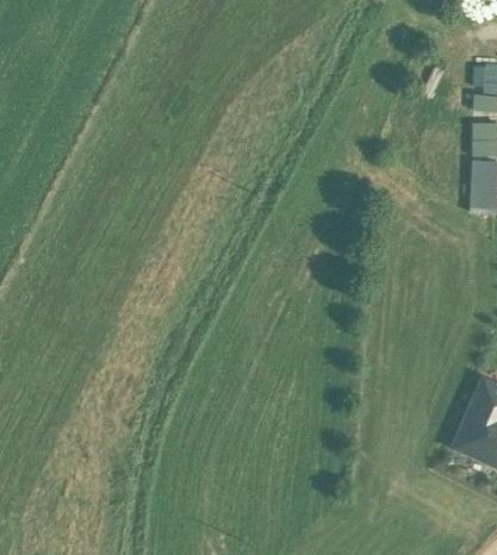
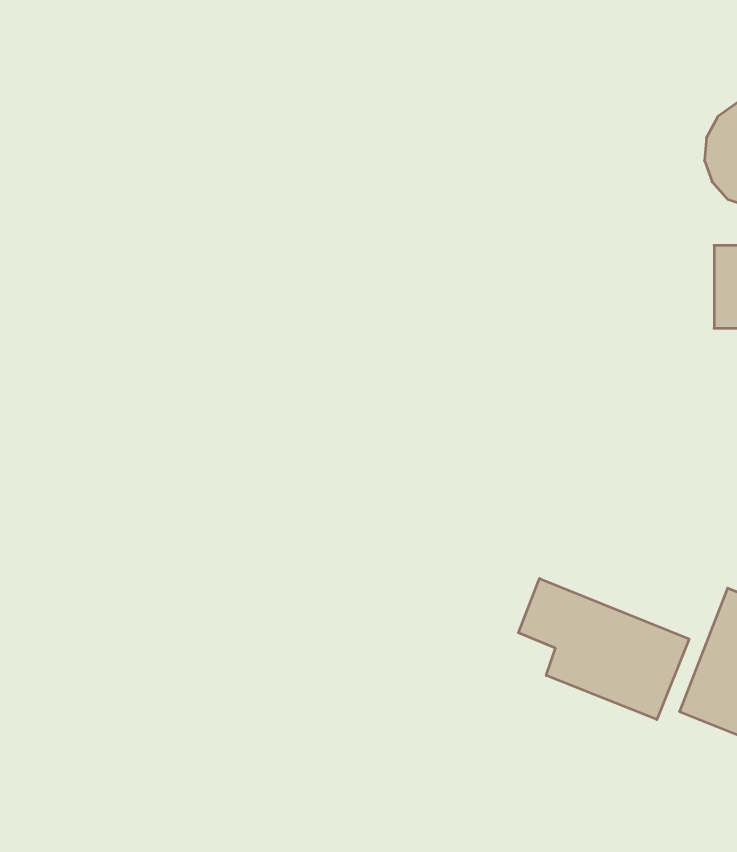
building: none -> [518,578,689,720]

